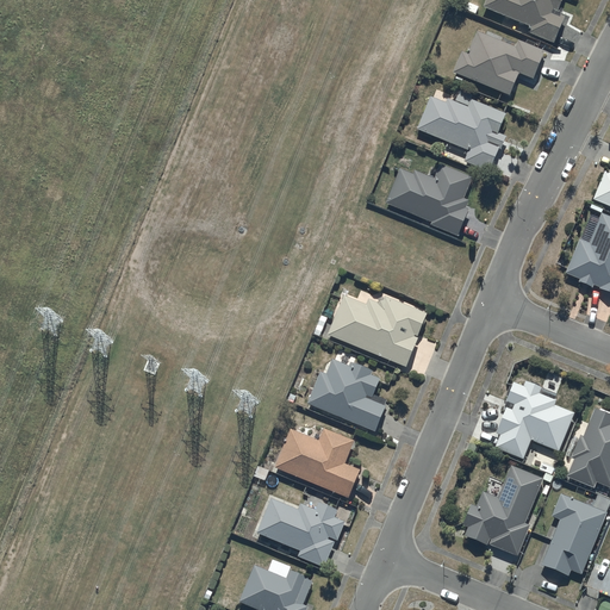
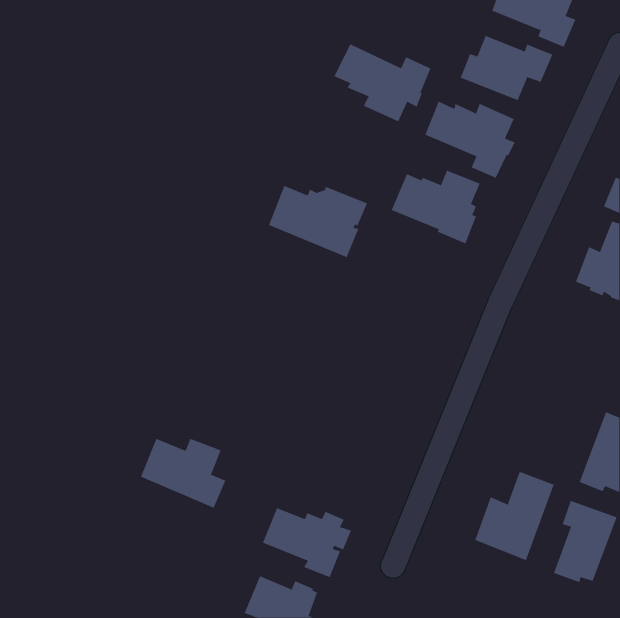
building: none -> [333,44,431,122]
building: [329,294,427,366] -> [268,185,368,258]
building: [307,357,387,430] -> none
building: [494,379,574,455] -> none
building: [275,428,360,497] -> [140,438,226,508]

